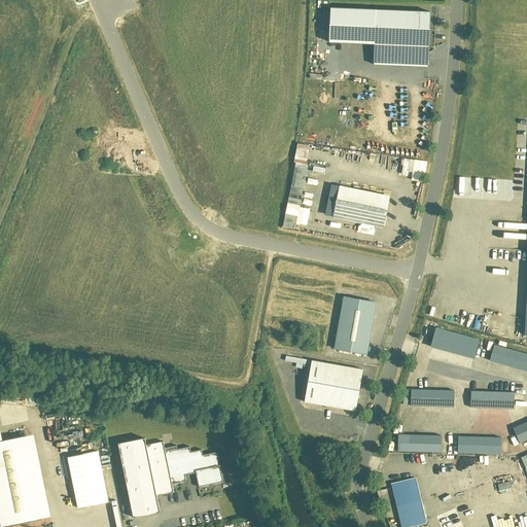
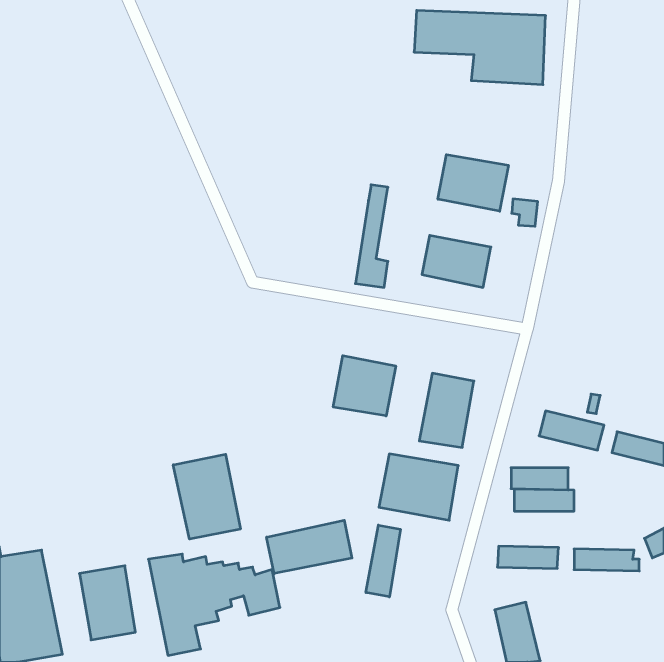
building: none -> [438,155,508,211]
building: none -> [333,356,396,416]
building: none -> [173,454,240,539]
building: [467,389,513,407] -> [511,468,568,490]
building: none -> [267,520,352,574]
building: none -> [366,525,400,597]

